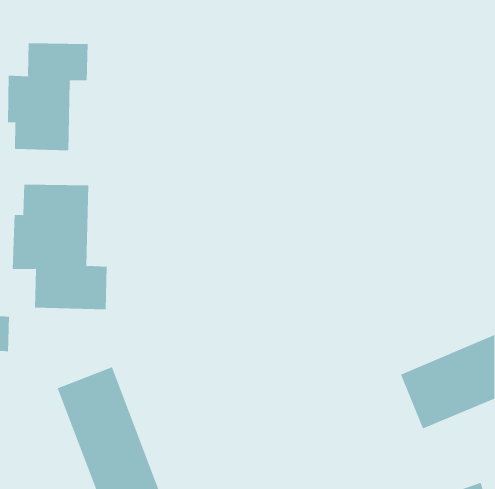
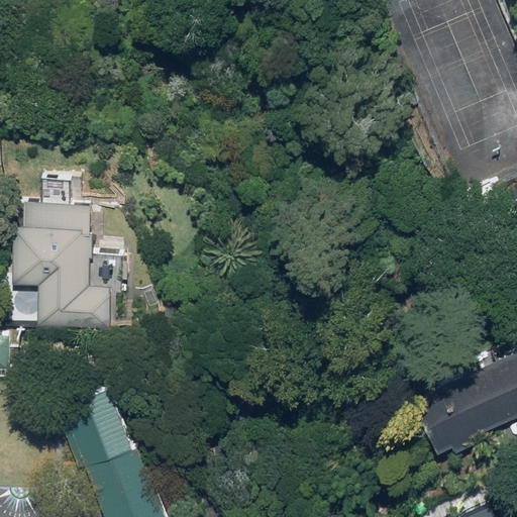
building: [8,42,88,151] -> none

